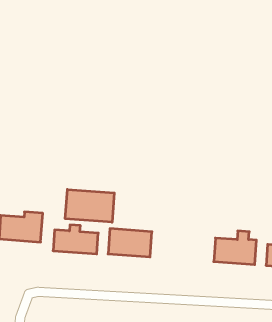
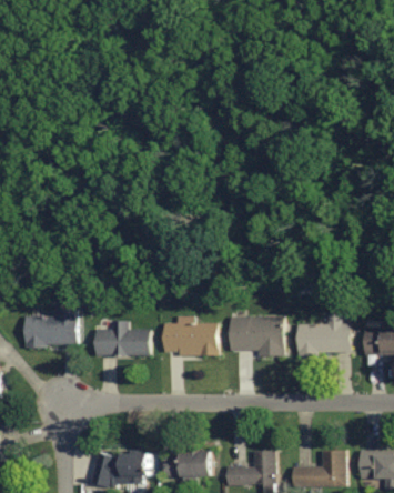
building: [65,189,114,222] -> none
building: none -> [230,316,283,353]

